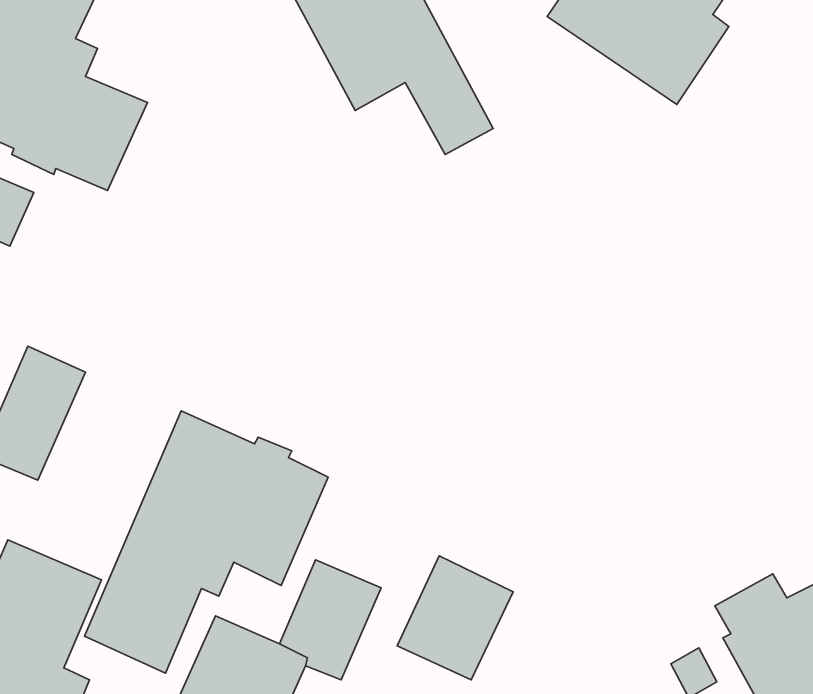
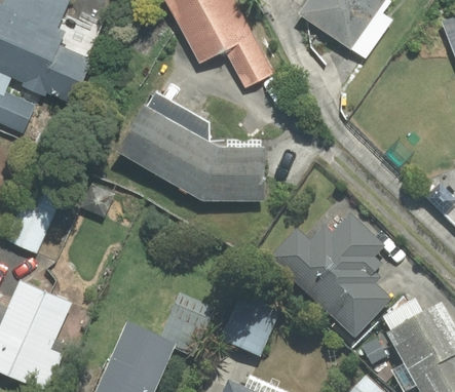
building: none -> [118,91,262,198]
building: none -> [270,213,388,334]
building: [85,411,328,673] -> none

